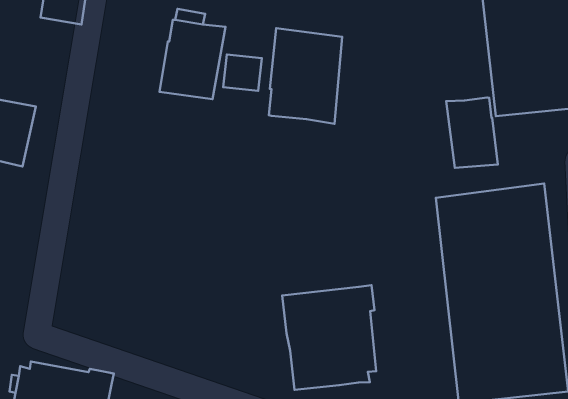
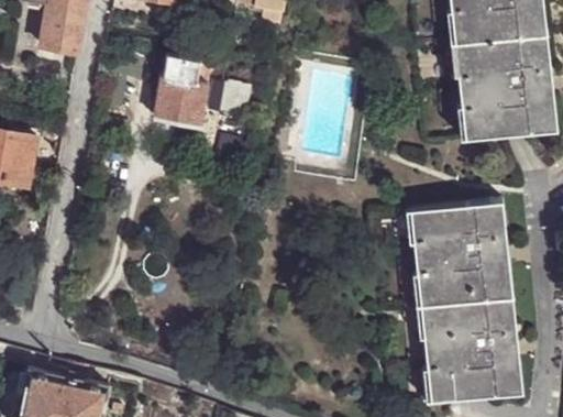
building: [269,28,342,124] -> none
building: [446,98,498,168] -> none
building: [282,285,376,390] -> none

